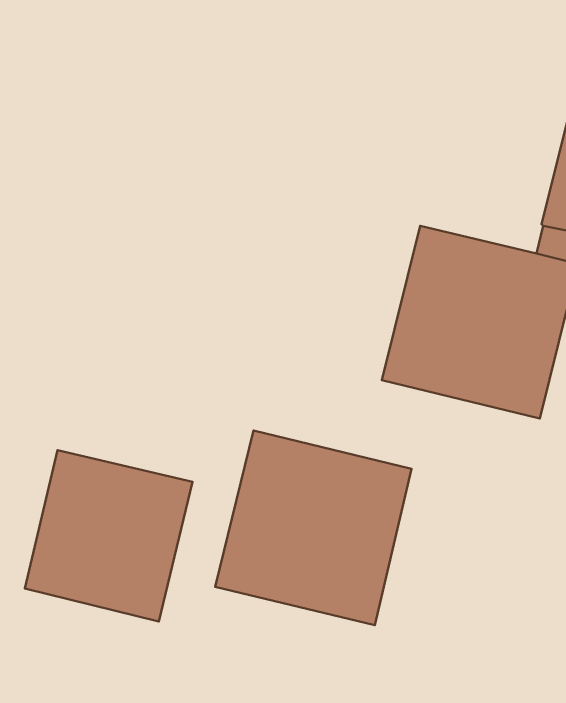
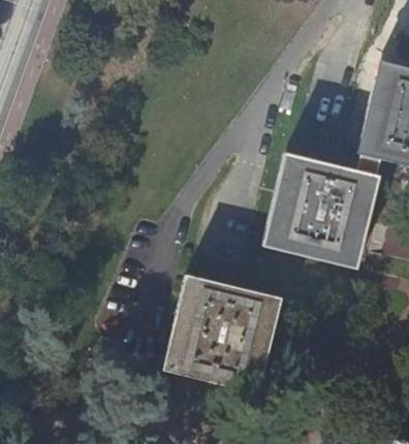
building: [25,450,192,621] -> none

